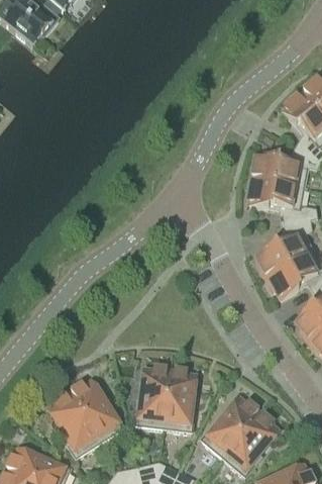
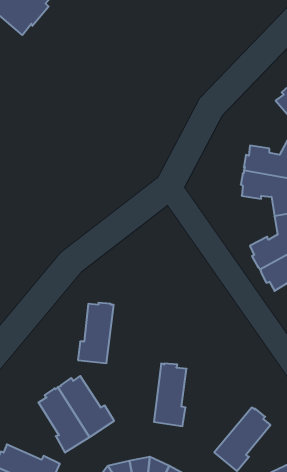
building: [134,366,170,425] -> [78,303,114,363]
building: [201,396,259,456] -> none

